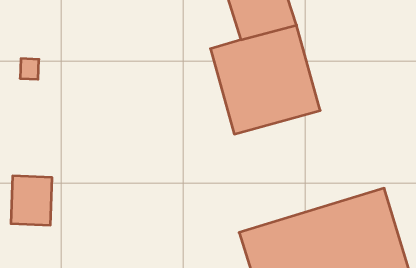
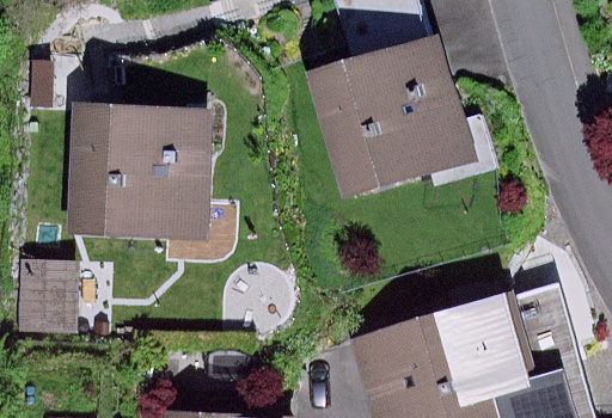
building: none -> [69,103,208,238]

